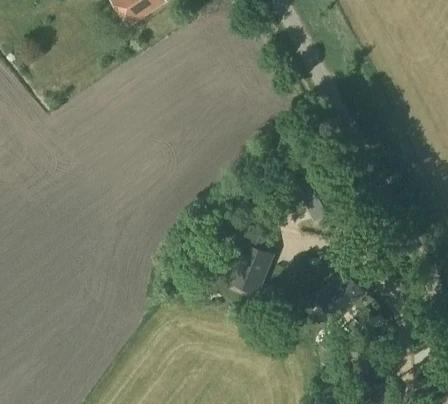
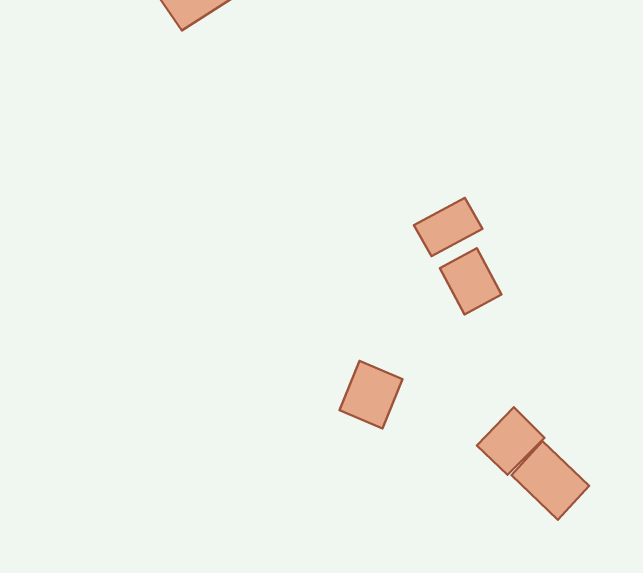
building: none -> [414,198,483,256]
building: none -> [511,441,589,520]

